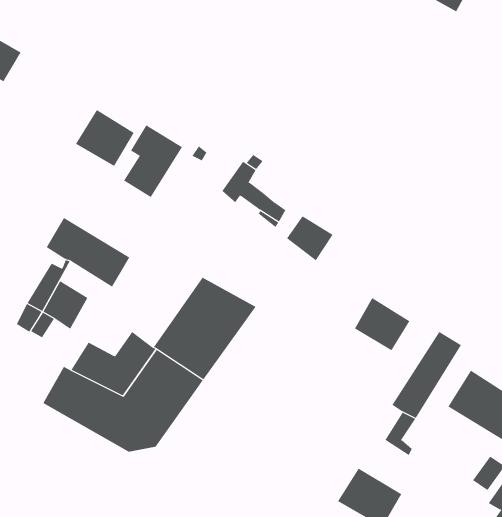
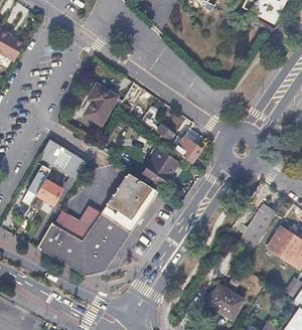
building: [75,109,135,167] -> none
building: none -> [143,148,179,185]
building: [354,297,410,351] -> none

